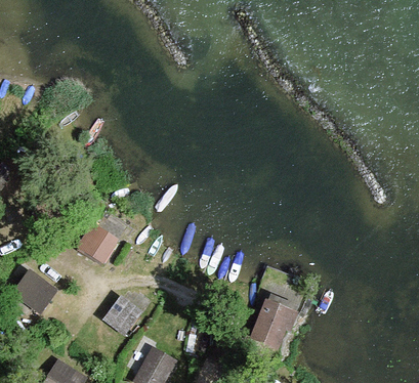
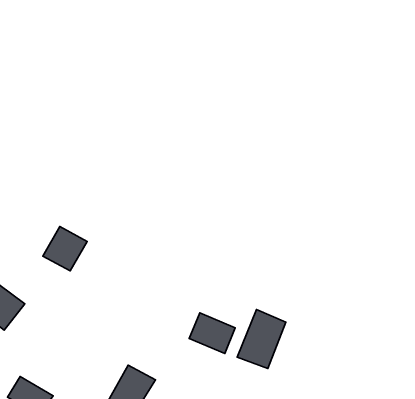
building: [100,294,144,339] -> none
building: none -> [189,313,235,354]

